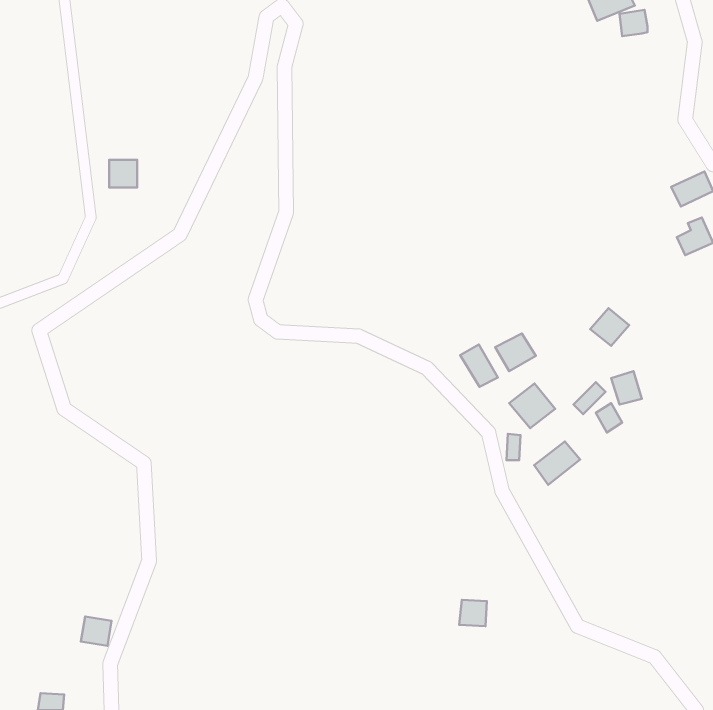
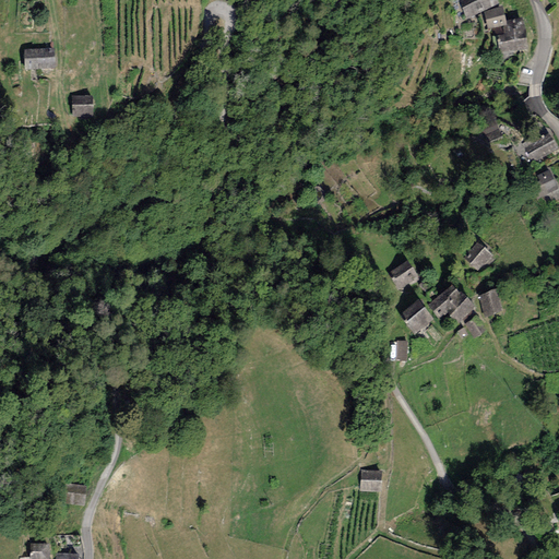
building: none -> [496,19,527,52]
building: none -> [24,48,55,69]
building: [109,160,137,188] -> [72,95,94,117]
building: [460,345,498,387] -> none
building: [534,441,580,485] -> [428,285,464,319]

